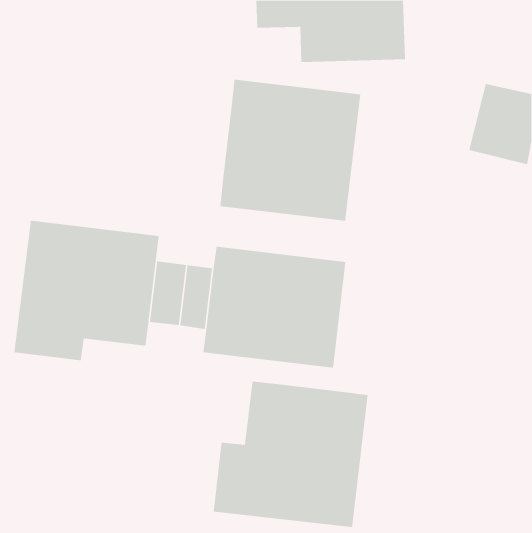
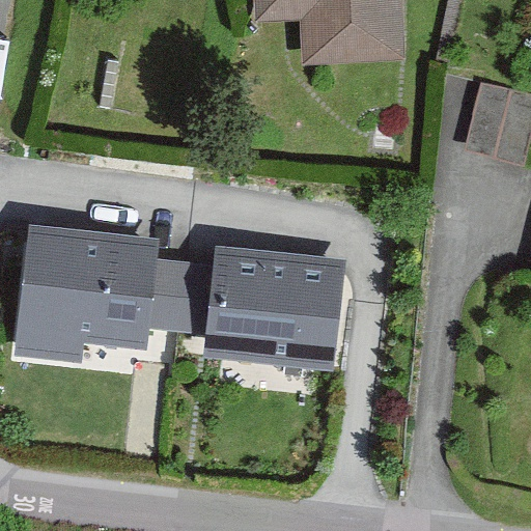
building: [220,79,361,222] -> none
building: [213,381,368,528] -> none

